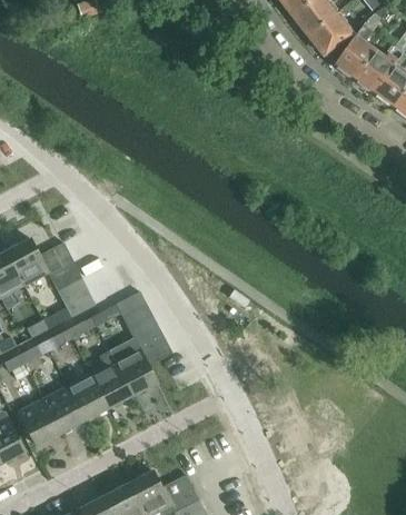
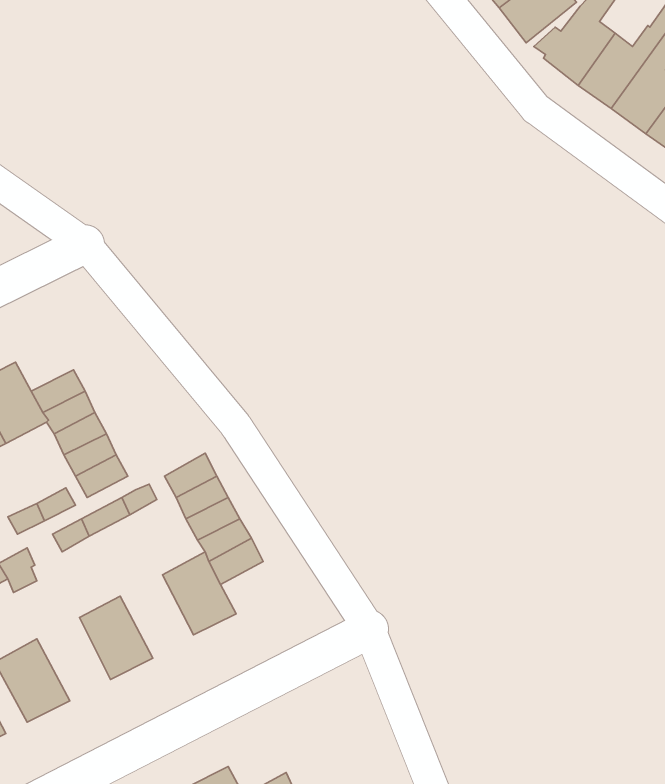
building: [90,353,132,408] -> none
building: [42,385,85,433] -> none

